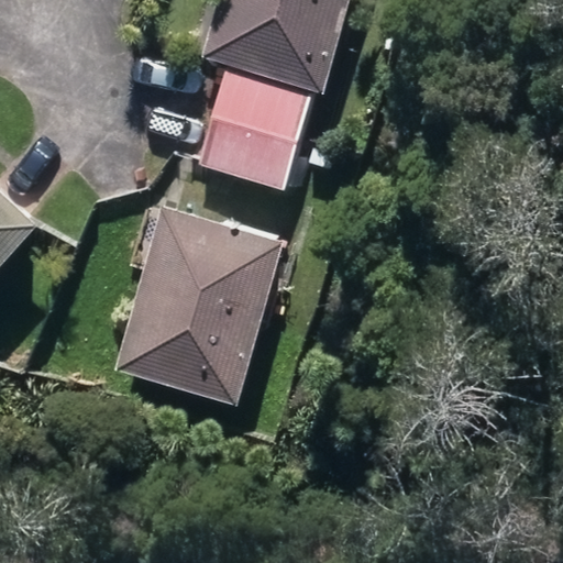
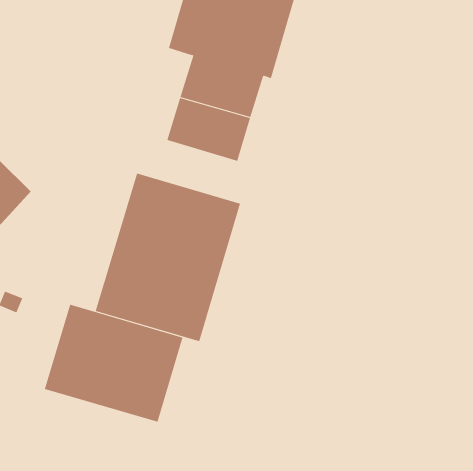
building: none -> [44,304,183,422]

